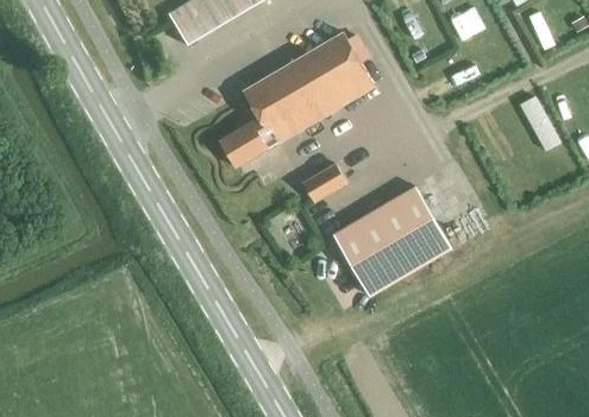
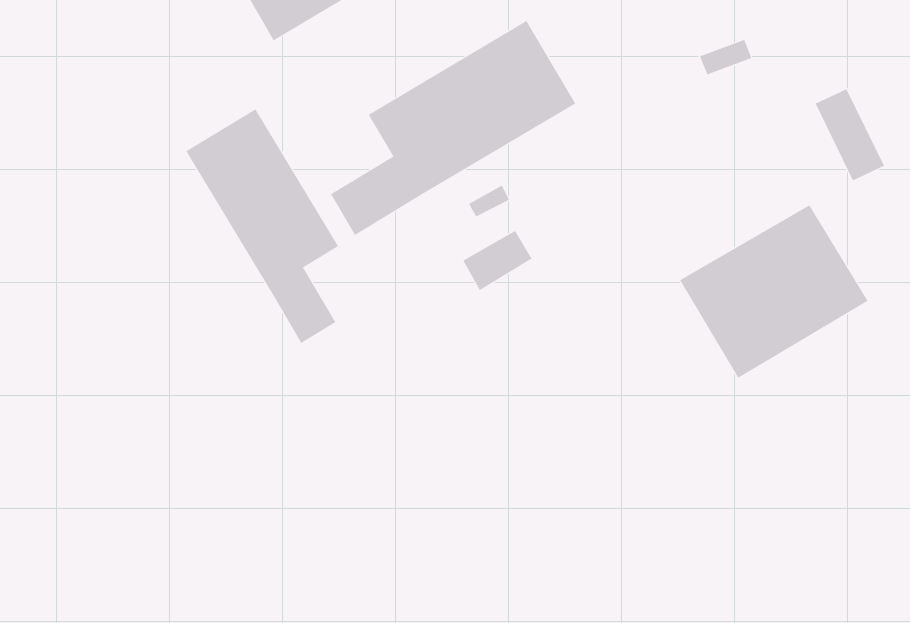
building: none -> [186,109,339,344]
building: [332,188,451,297] -> [679,204,869,378]

